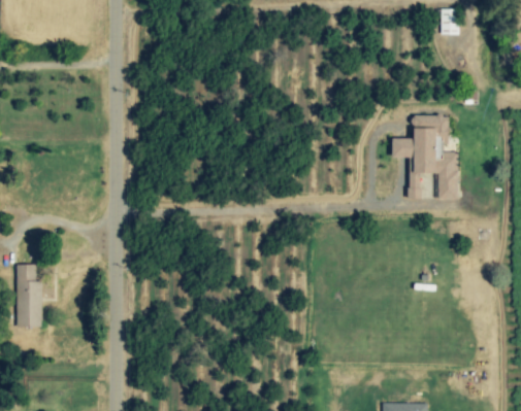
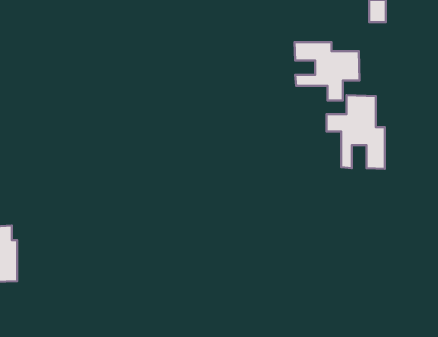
building: none -> [294,42,360,100]

